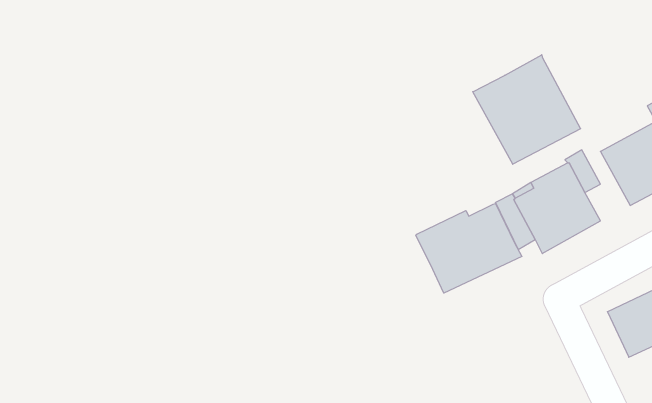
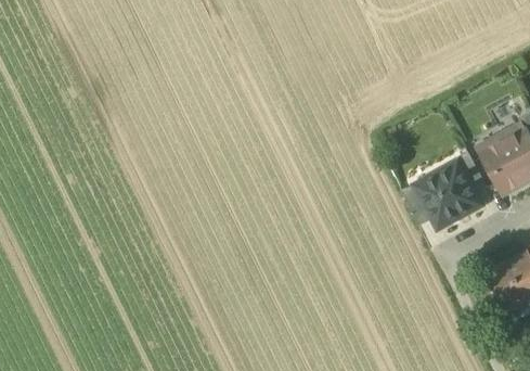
building: [473,55,581,164] -> none
building: [416,204,522,293] -> none

